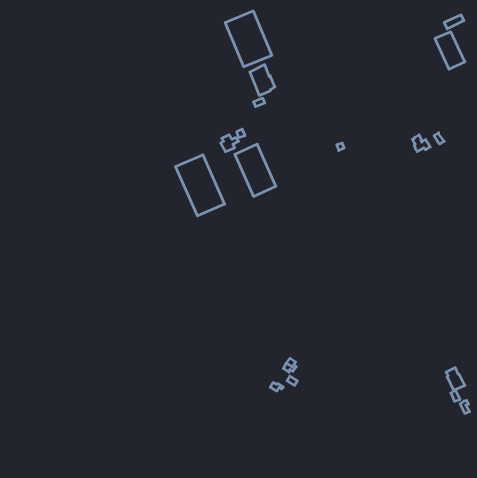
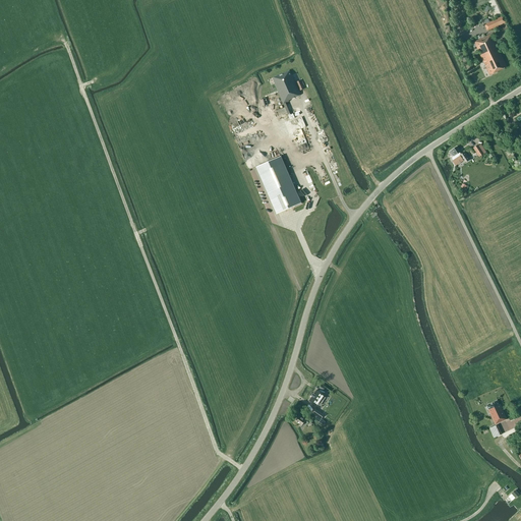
building: [225,11,272,67] -> none
building: [176,155,225,216] -> none

